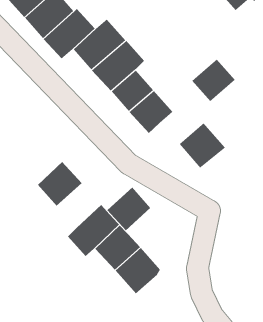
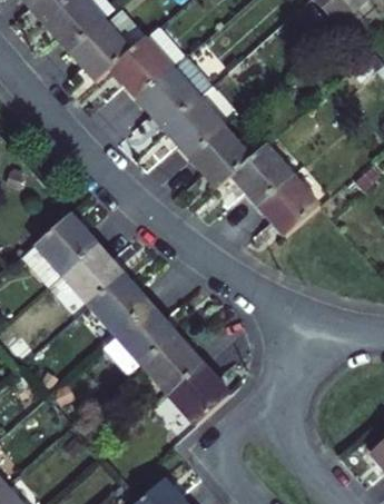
building: [192,59,235,102] -> [230,158,291,217]
building: none -> [20,210,96,284]
building: [106,187,151,231] -> [88,270,149,332]

